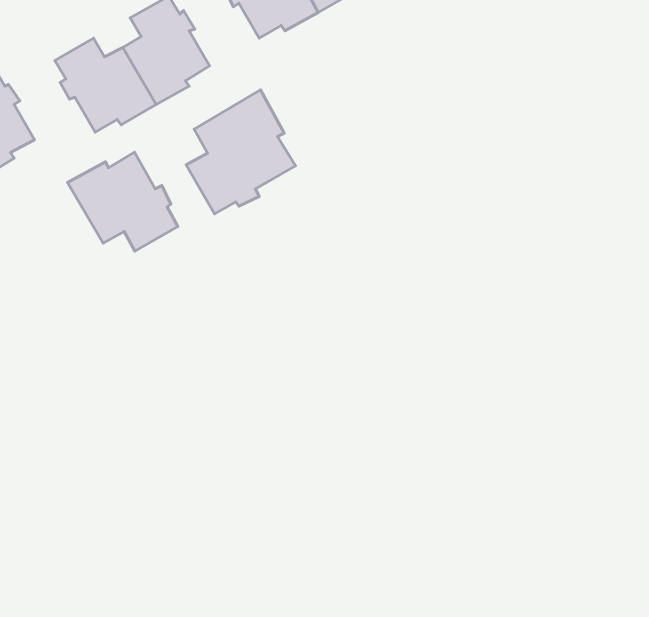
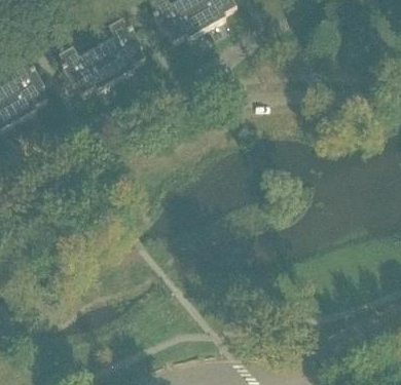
building: [186,90,295,214] -> none
building: [67,152,178,251] -> none

